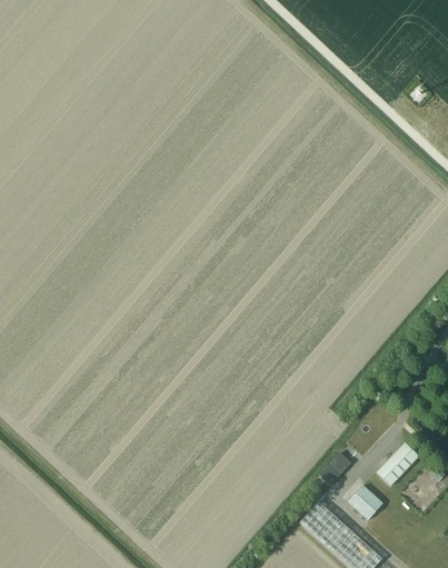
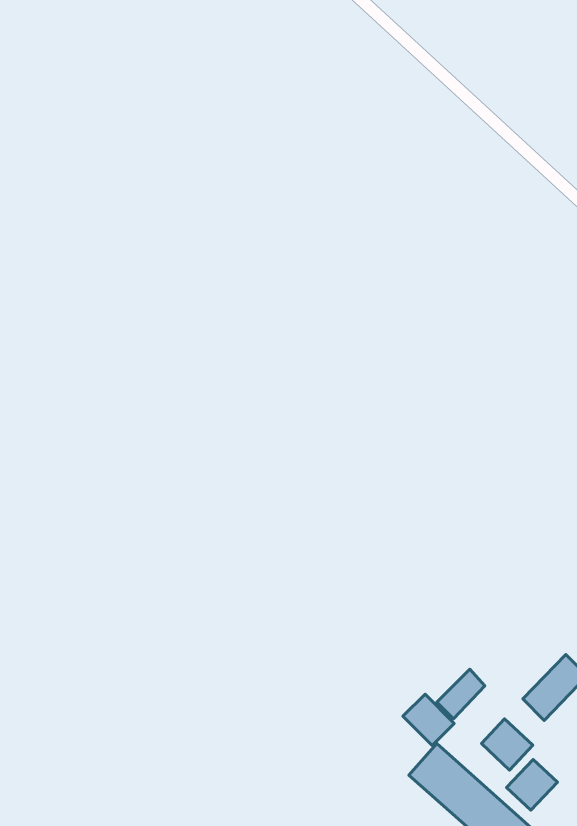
building: none -> [403,694,454,746]
building: none -> [507,759,557,810]

